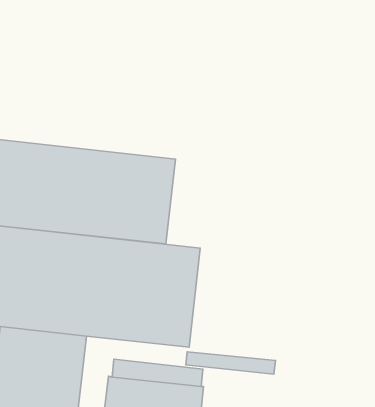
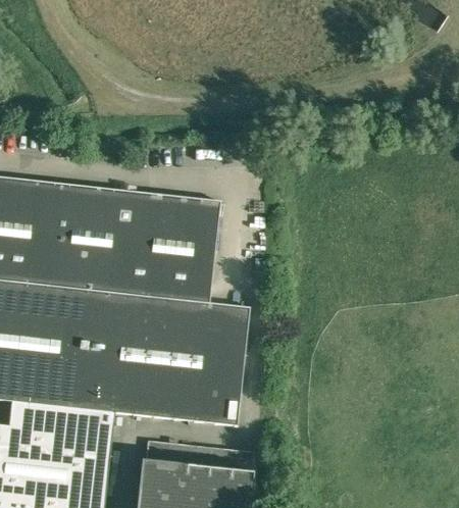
building: [186,352,275,374] -> none

